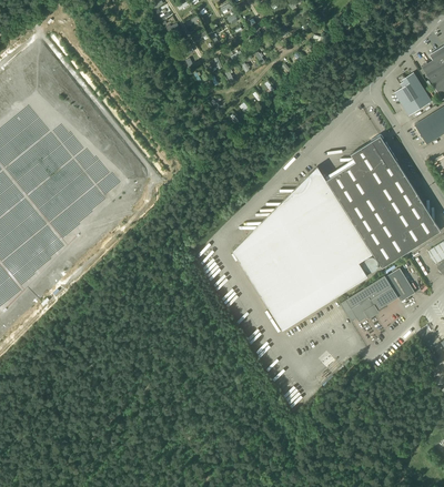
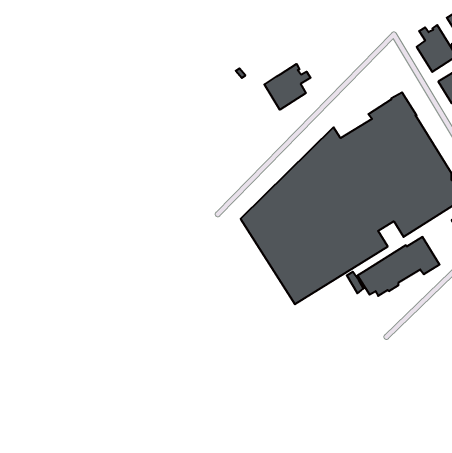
building: none -> [264,64,311,110]

